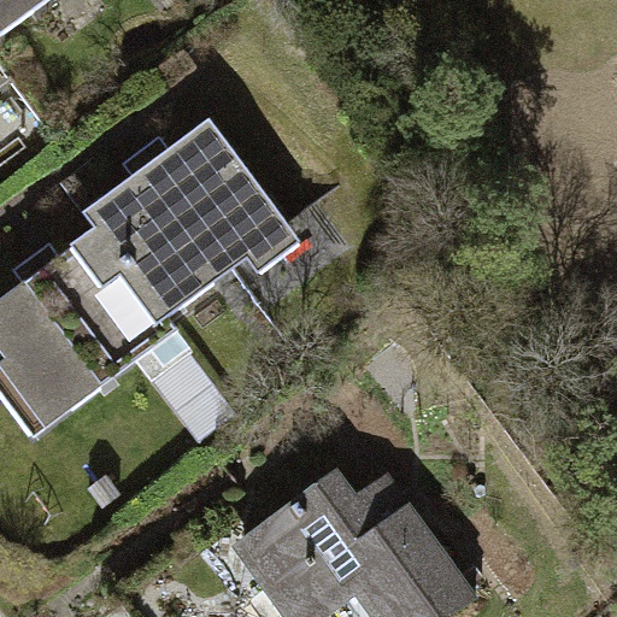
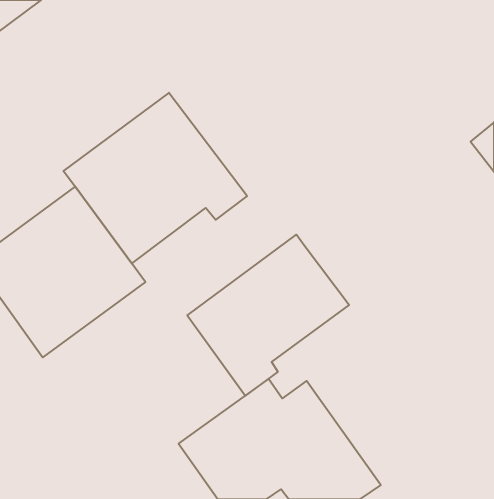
building: none -> [187,235,349,396]

